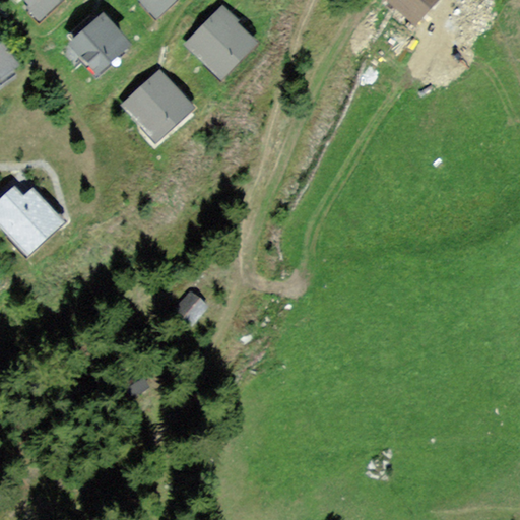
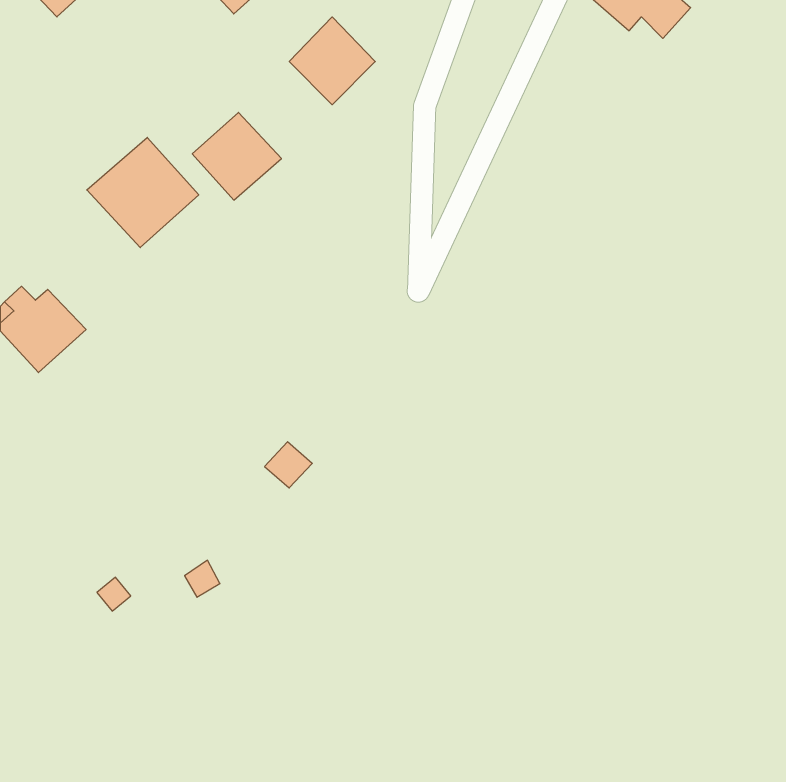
building: [74,17,125,68] -> none
building: none -> [87,137,199,248]

